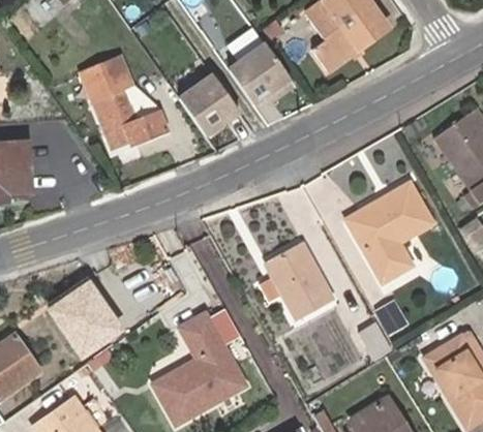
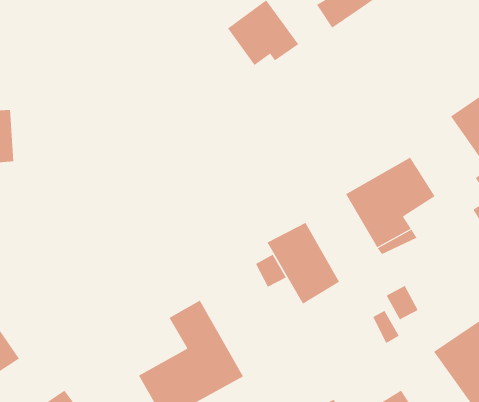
building: [85,56,169,145] -> none
building: [180,70,241,131] -> none
building: [51,285,116,350] -> none

